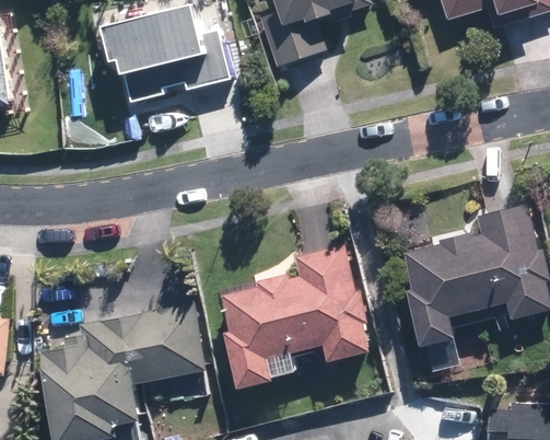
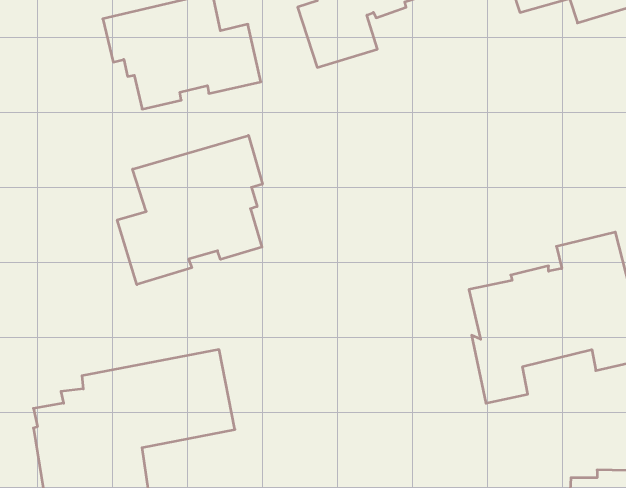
building: none -> [117,135,262,285]
building: [221,245,367,390] -> none

